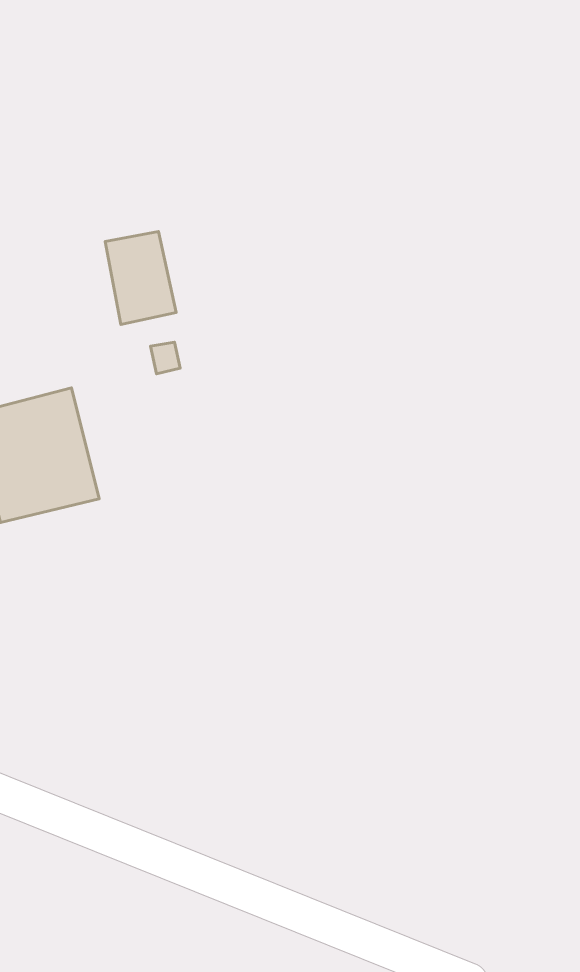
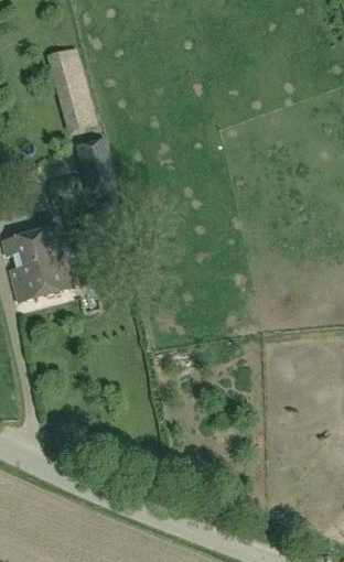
building: none -> [47,47,96,131]

